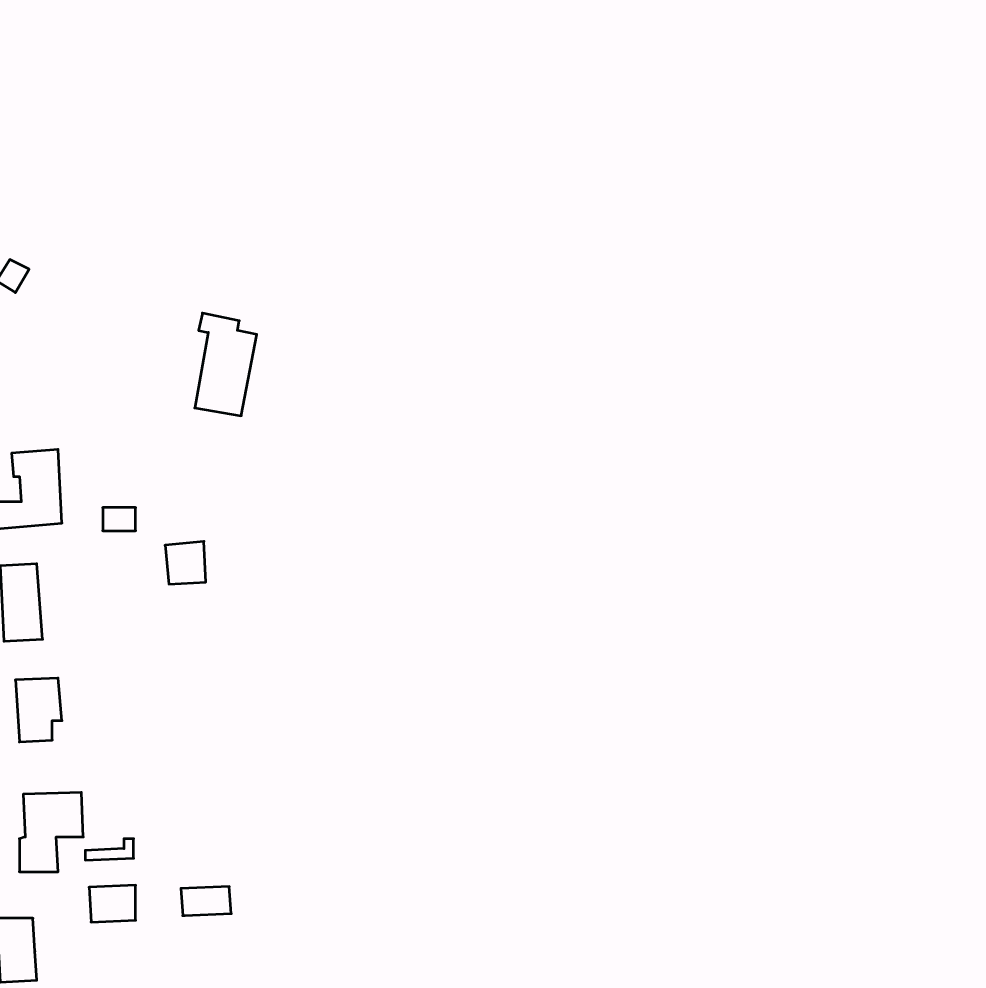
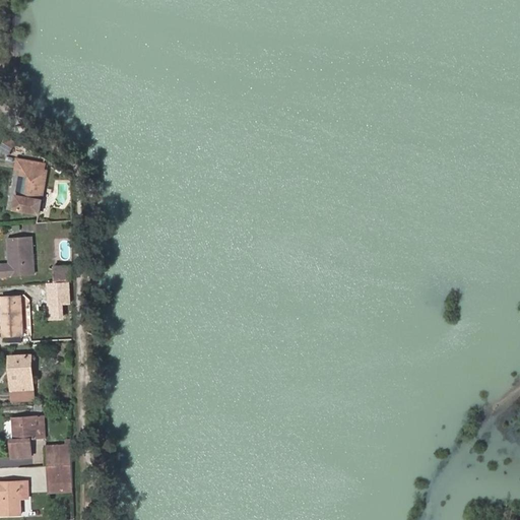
building: [195,313,257,416] -> [13,159,46,213]
building: [165,541,206,584] -> [47,282,68,305]
building: [181,887,231,916] -> [45,451,71,466]

